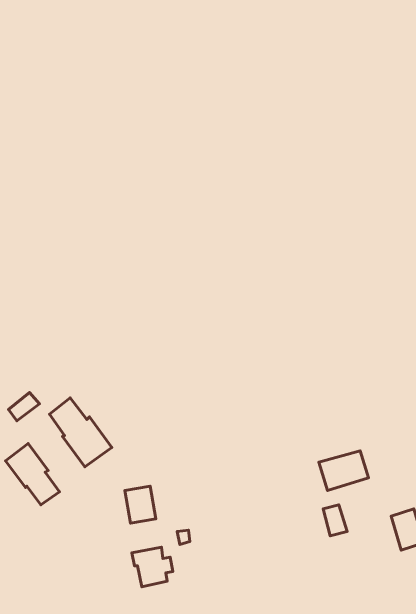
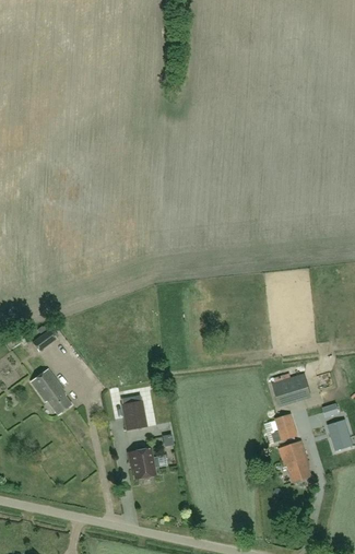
building: [49,398,112,467] -> none
building: none -> [280,440,311,481]

